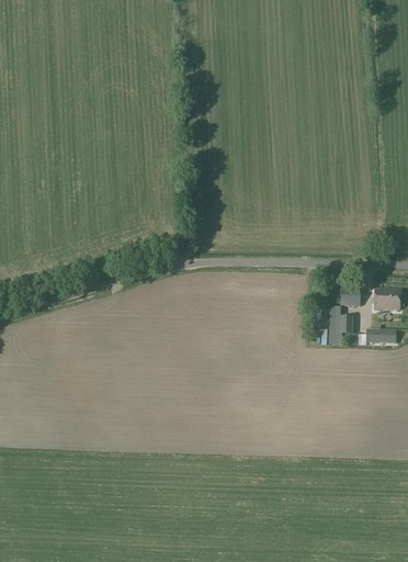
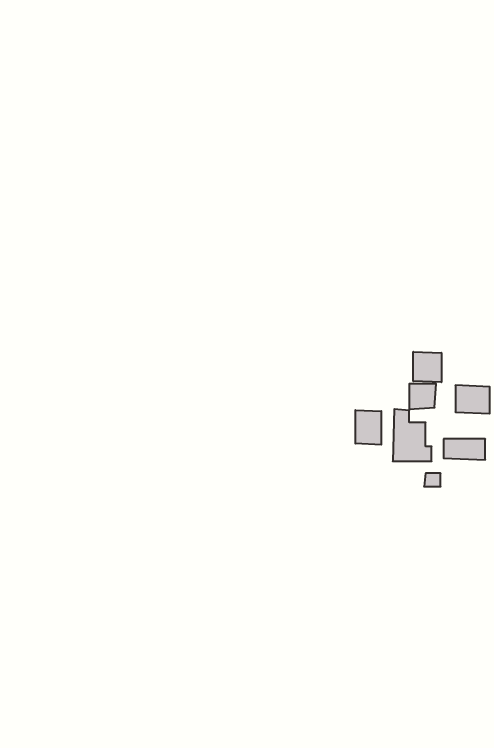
building: none -> [413,352,441,382]
building: none -> [355,410,381,445]

